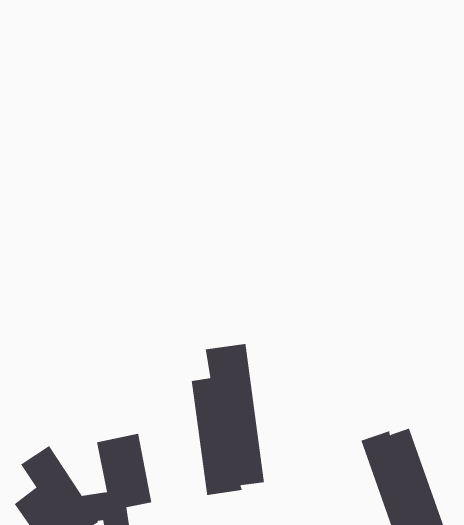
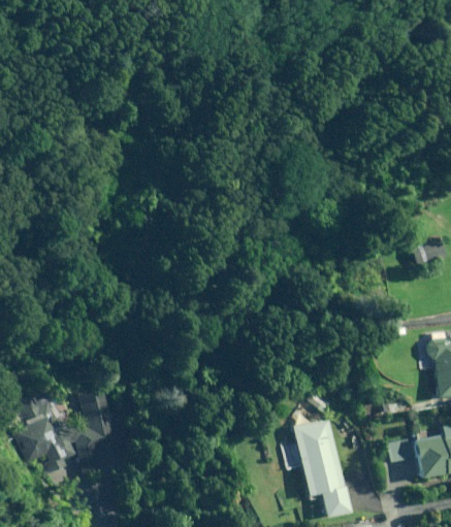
building: [191,343,265,496] -> none

